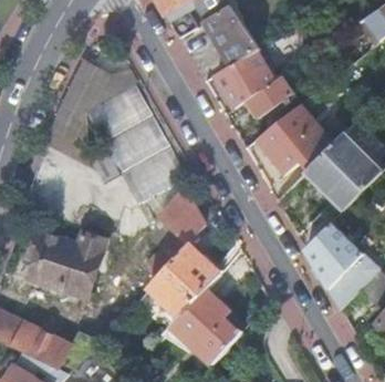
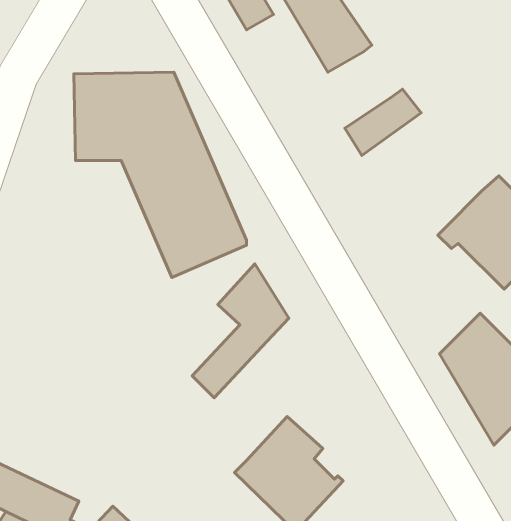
building: [214,52,272,109] -> none
building: [256,104,332,173] -> none
building: [29,231,104,297] -> none
building: [146,245,219,319] -> none

